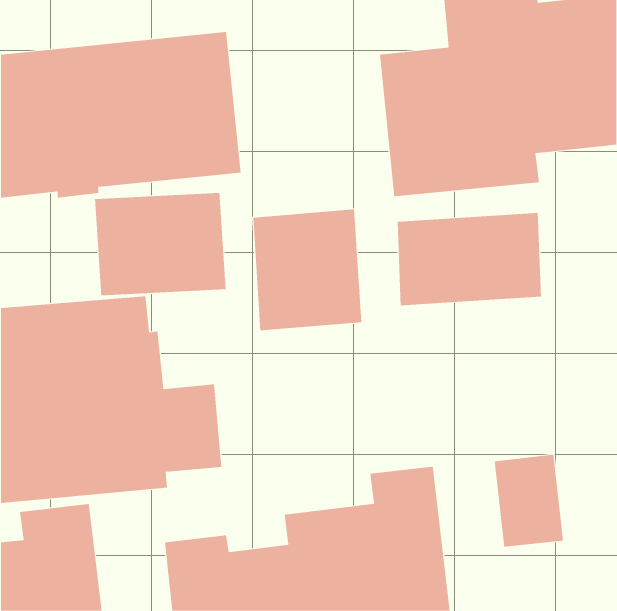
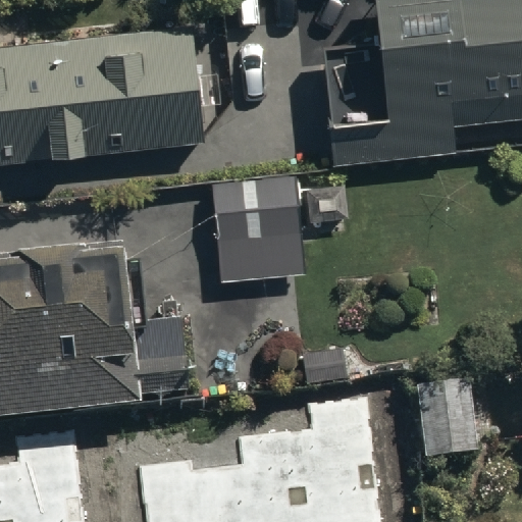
building: [95,192,226,296] -> none
building: [397,212,541,306] -> none

